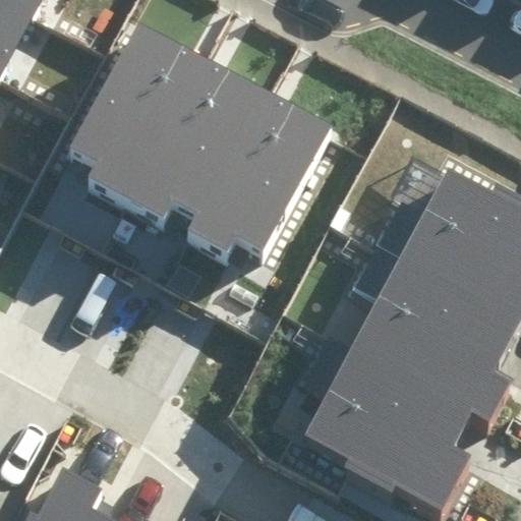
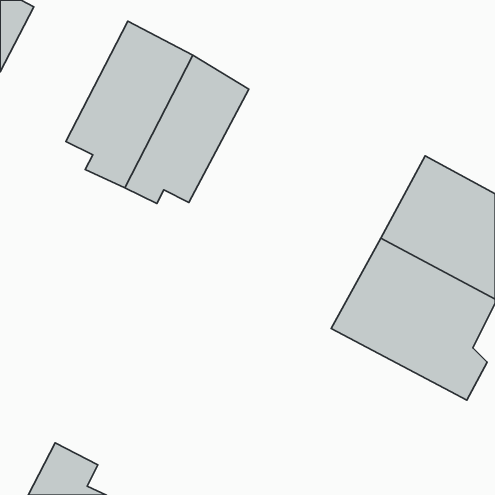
building: [189,94,329,252] -> none
building: [301,345,473,511] -> none

